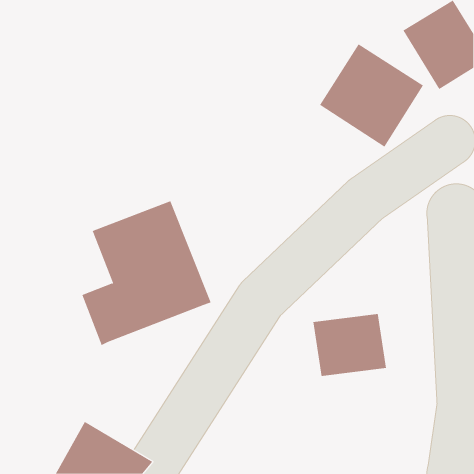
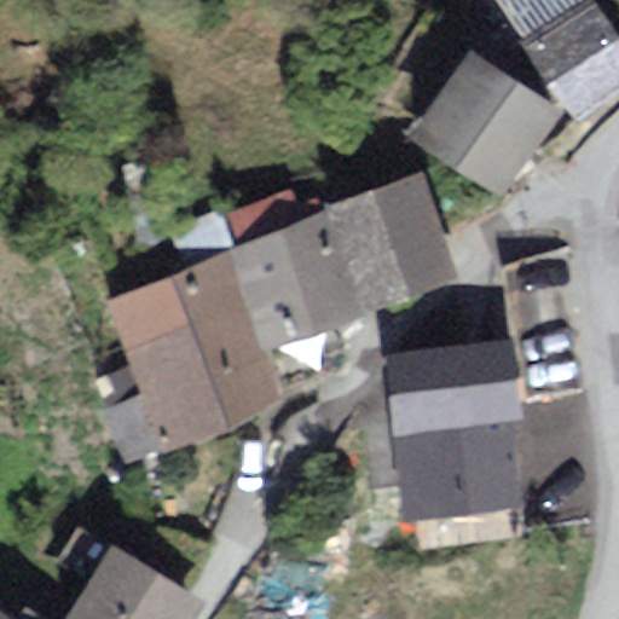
building: none -> [330,178,453,306]
building: none -> [235,219,354,345]
building: none -> [389,351,493,422]

